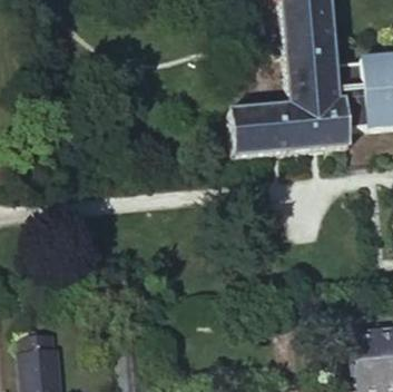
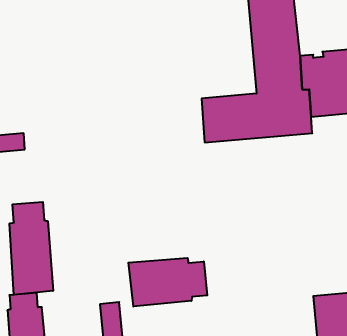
building: none -> [10,202,53,295]
building: none -> [128,258,207,307]

